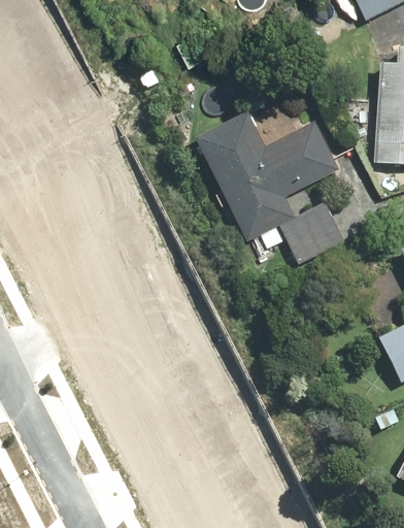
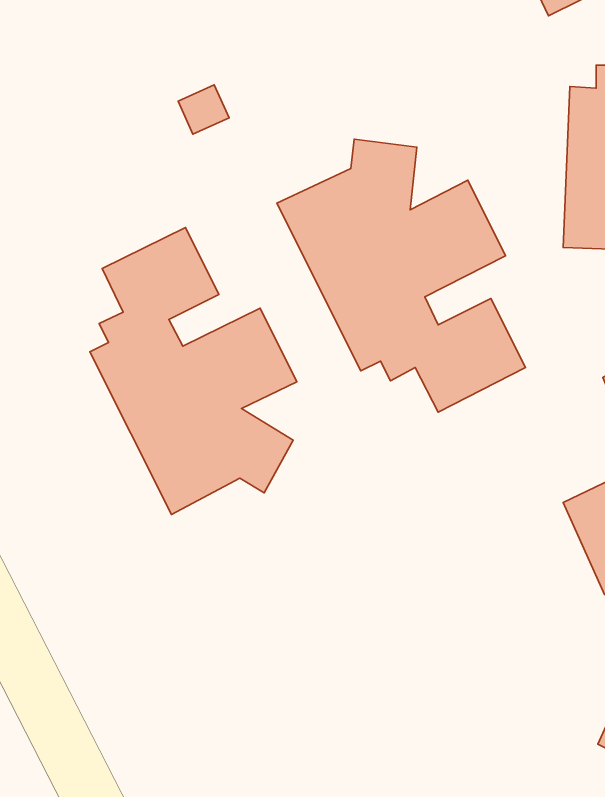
building: none -> [90,228,297,515]

